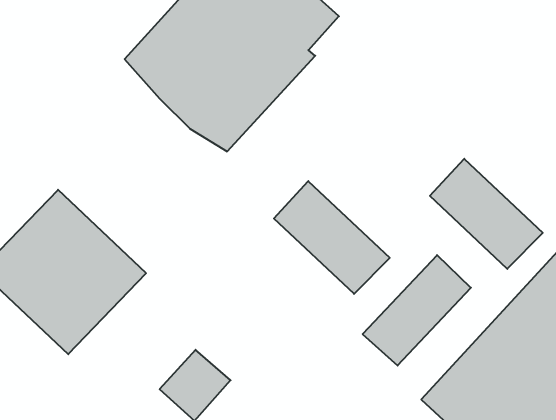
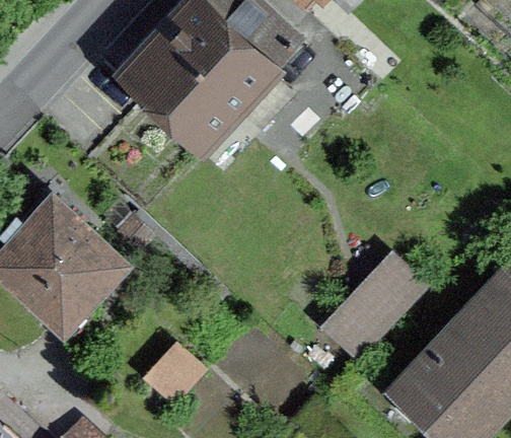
building: [430,159,543,269] -> none
building: [274,181,390,294] -> none

